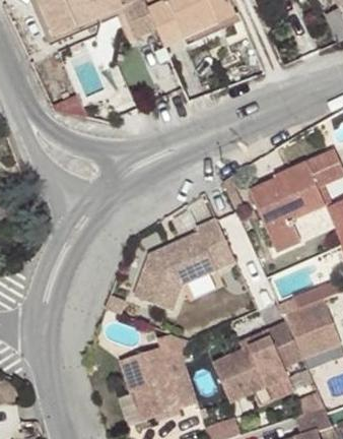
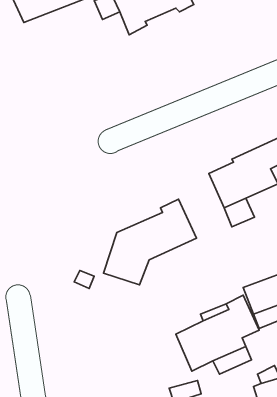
building: [120,343,197,422] -> none

